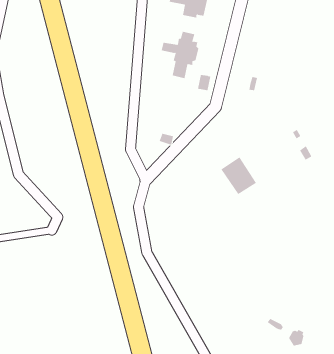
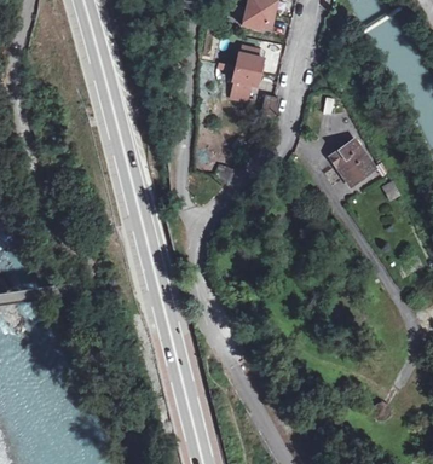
building: [221,156,257,195] -> [330,138,374,184]

